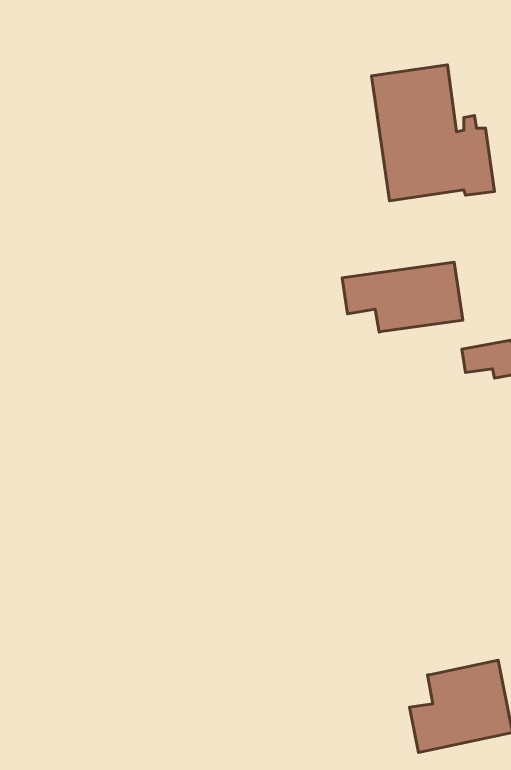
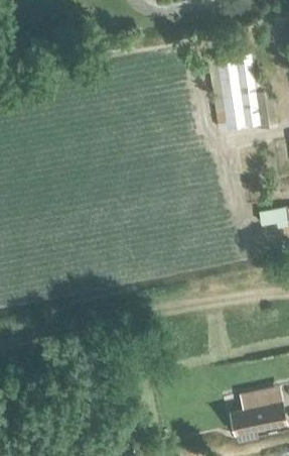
building: [342,262,463,332] -> none

